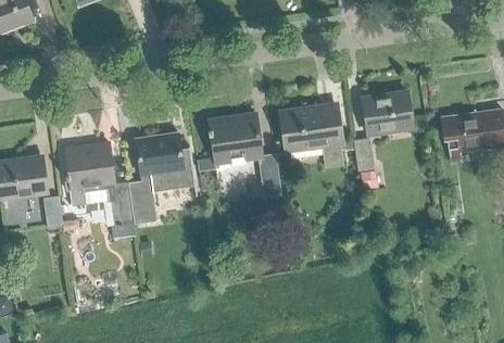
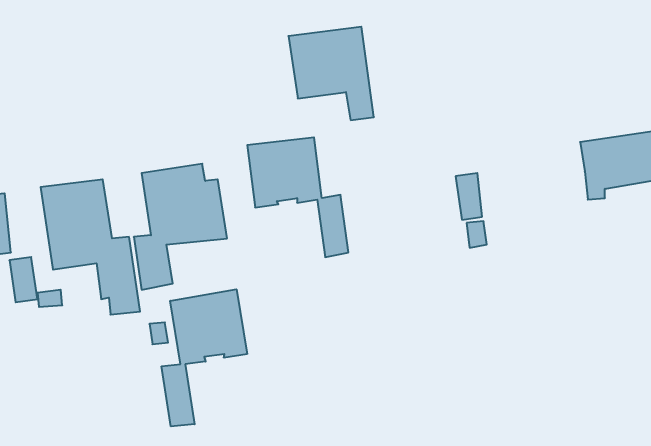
building: [363,92,412,134] -> none
building: [282,102,342,167] -> [288,27,374,120]
building: none -> [162,289,247,426]

